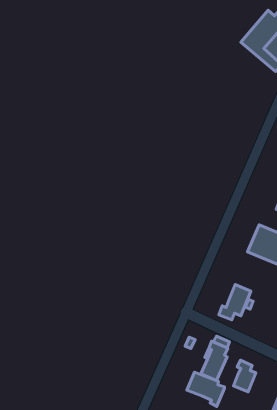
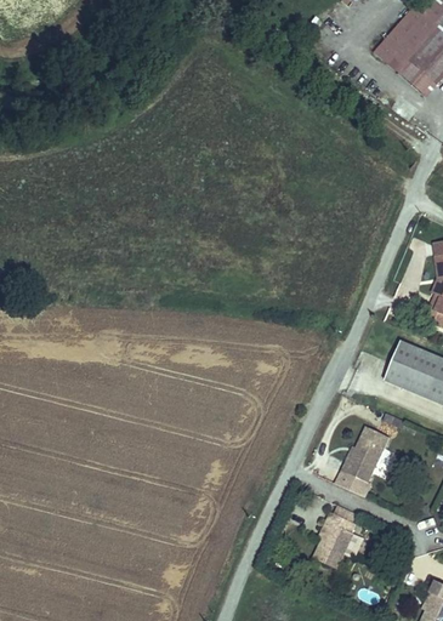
building: [234,360,256,392] -> none
building: [187,372,225,406] -> none

